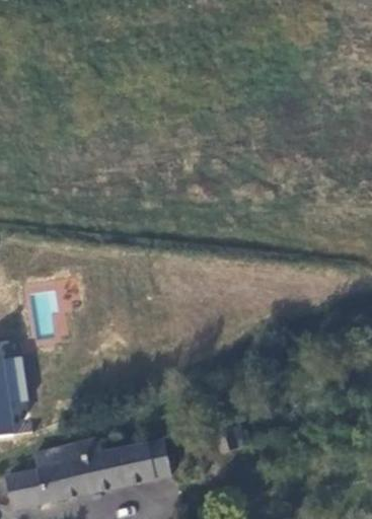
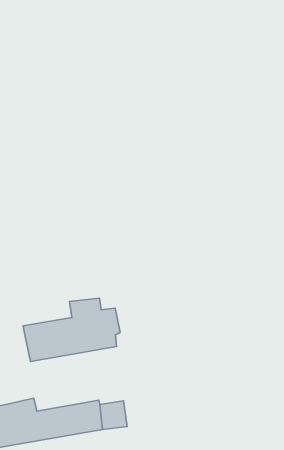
building: none -> [23,298,120,362]

